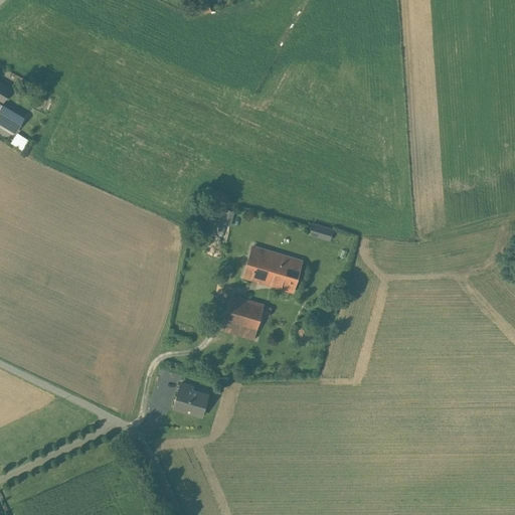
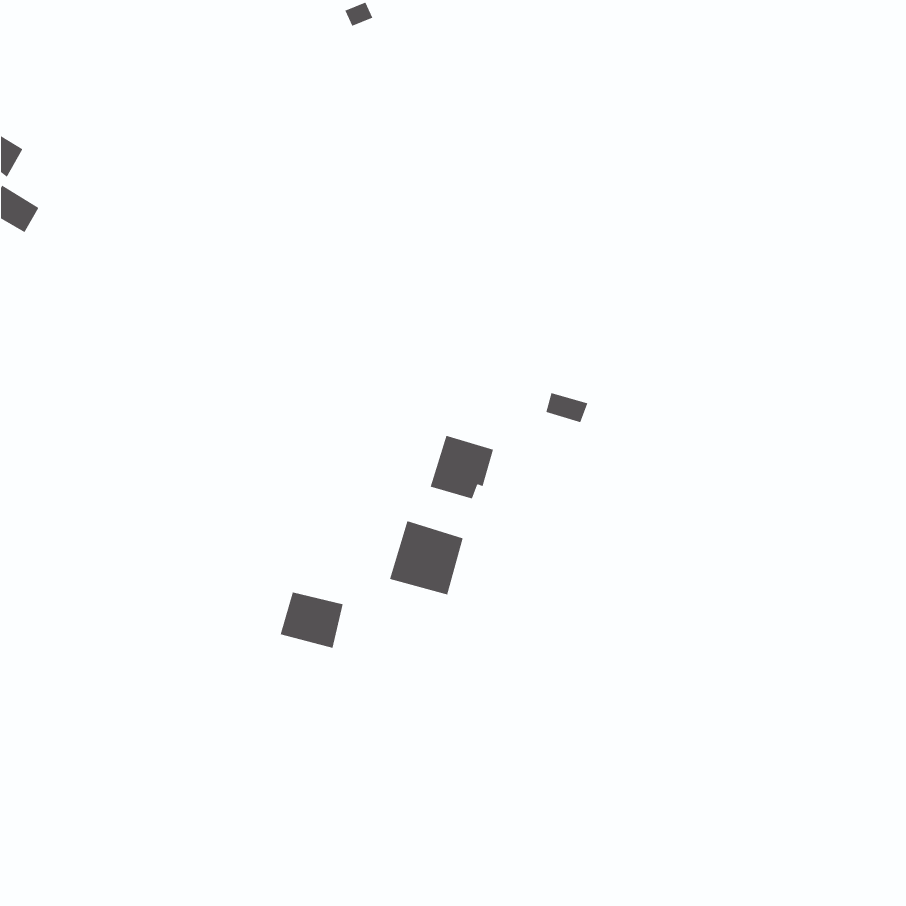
building: [269,255,302,291] -> none
building: [173,384,209,416] -> [280,592,344,649]

